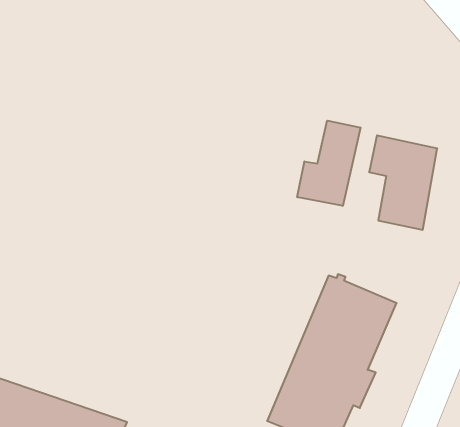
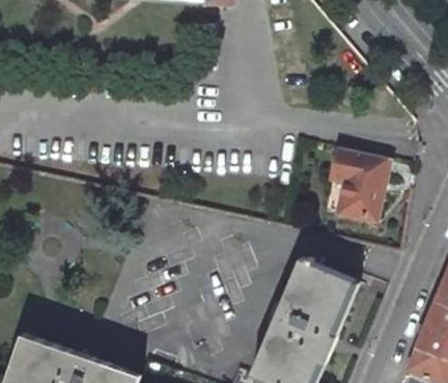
building: [297,121,361,206] -> none

